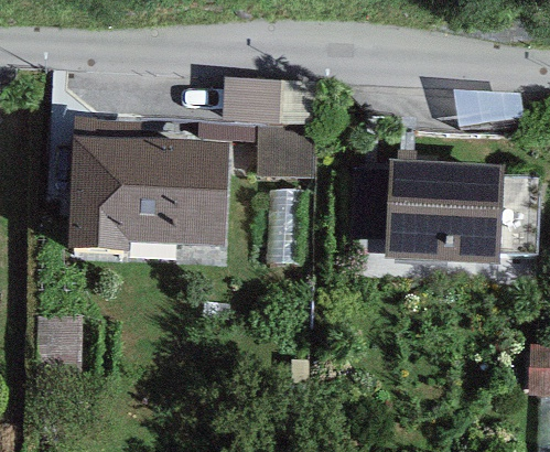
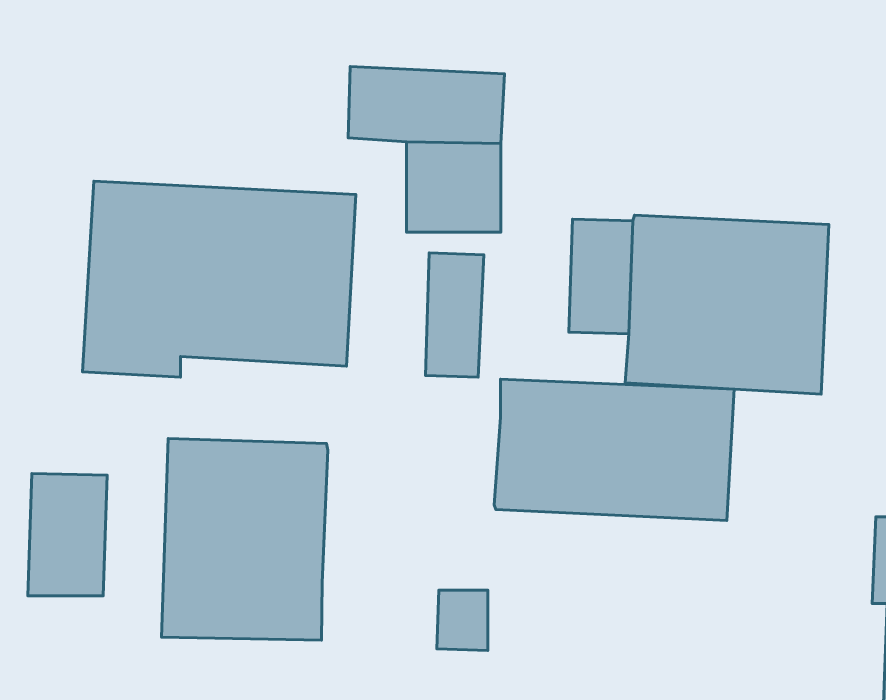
building: none -> [494,379,734,521]
building: none -> [161,438,328,640]

